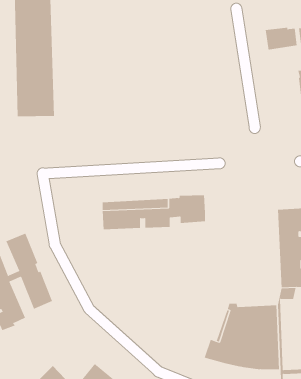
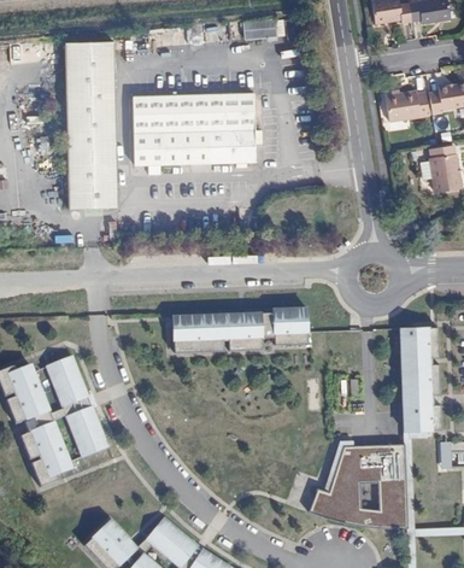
building: none -> [127,93,256,175]

